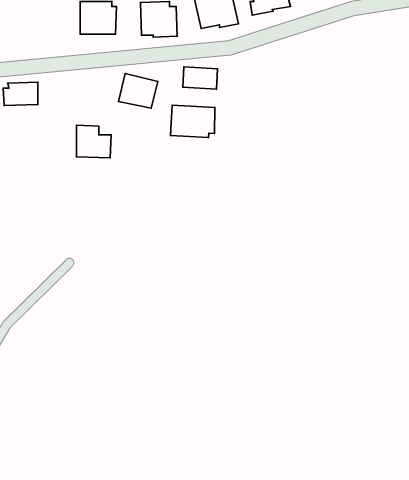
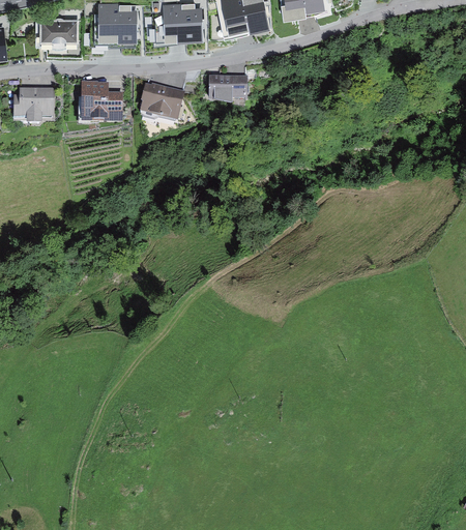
building: none -> [34,18,80,46]
building: [171,105,215,138] -> none
building: [77,125,111,158] -> [84,85,121,120]

